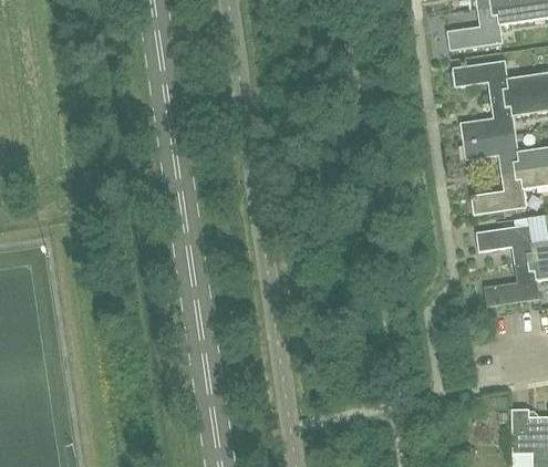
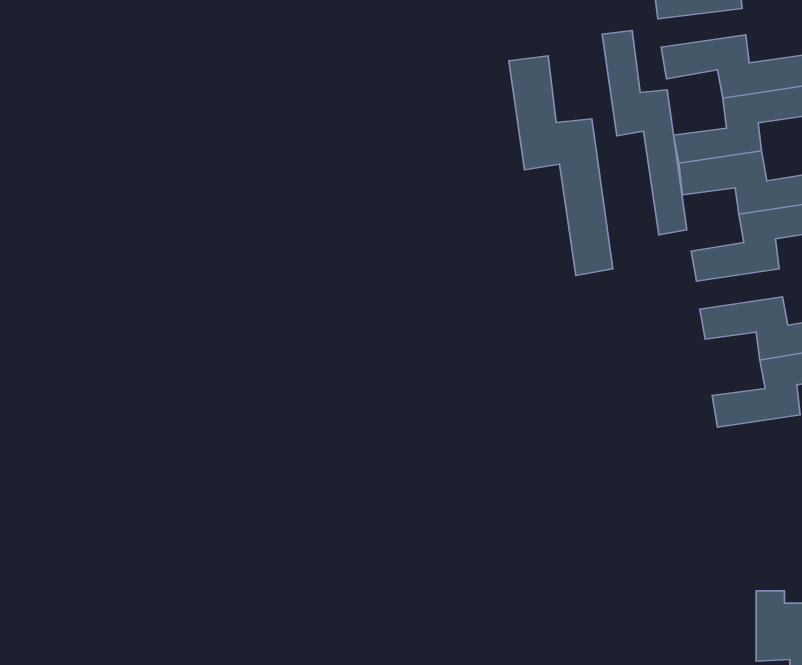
building: none -> [602,31,687,235]
building: none -> [509,56,613,275]

